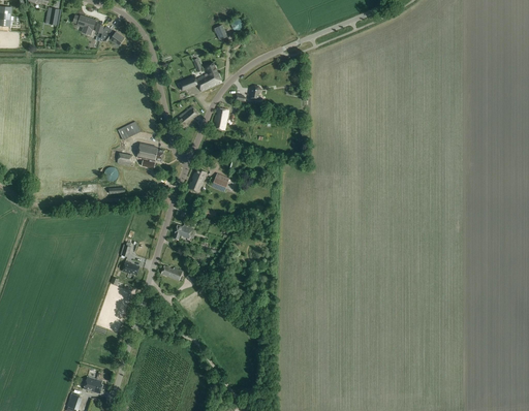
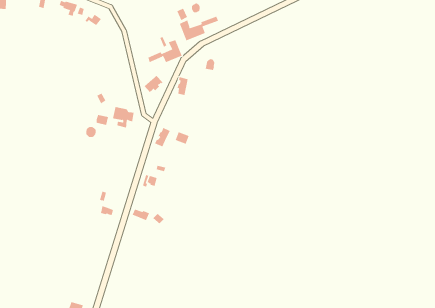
building: none -> [179,16,219,41]

